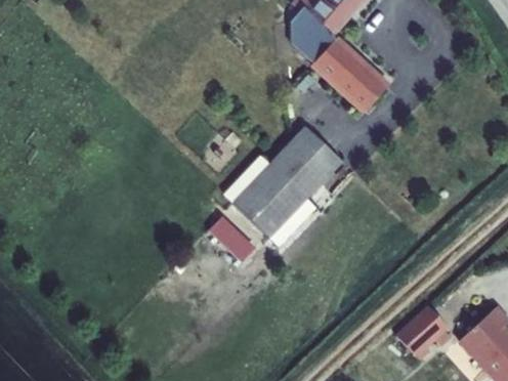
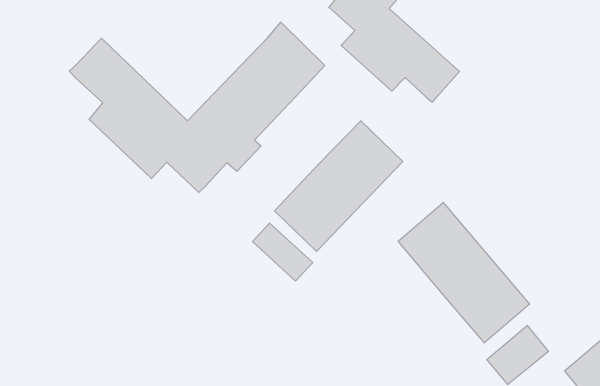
building: none -> [69,22,325,193]
building: none -> [398,202,530,343]

